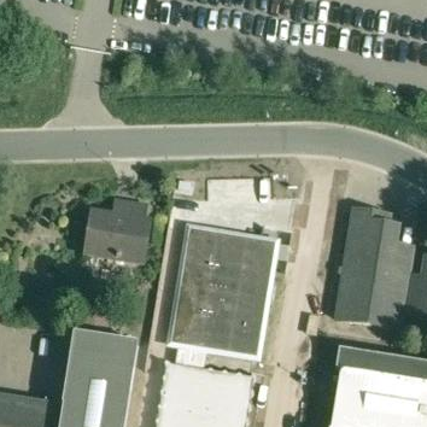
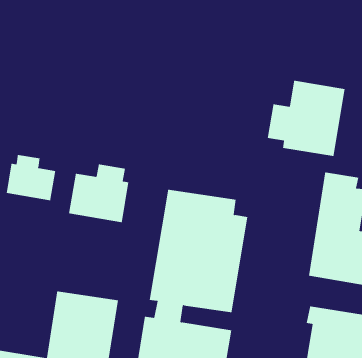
building: none -> [267,80,345,157]
building: none -> [6,154,56,201]

